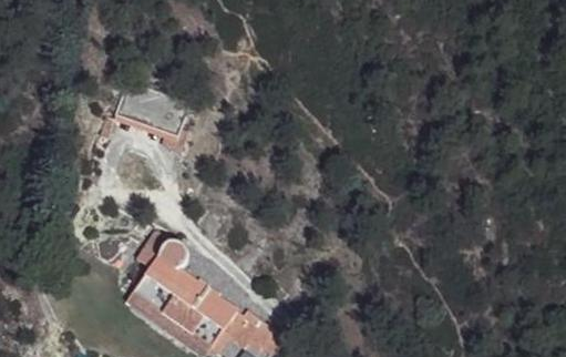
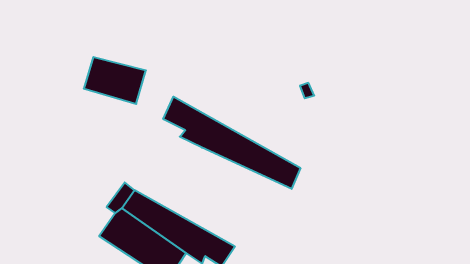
building: none -> [163,97,300,189]

